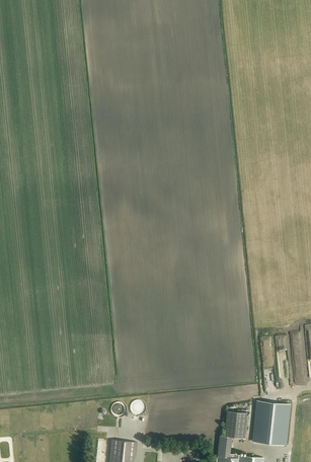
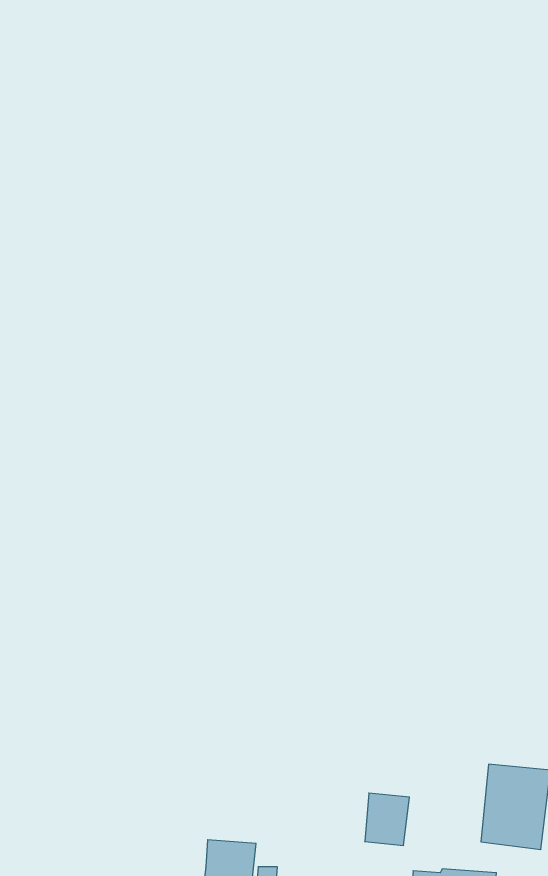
building: [224,411,247,439] -> [365,793,409,845]

